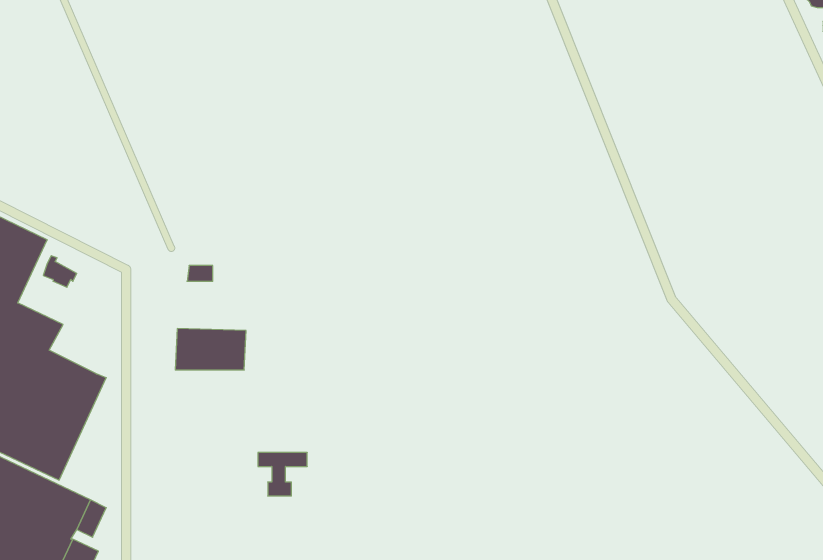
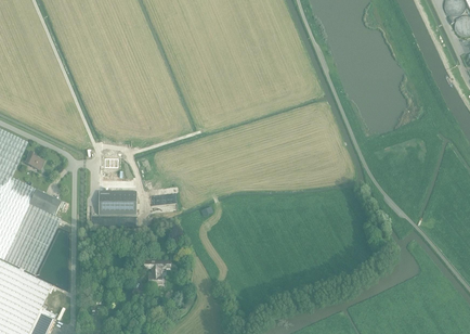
building: none -> [29,189,62,216]

